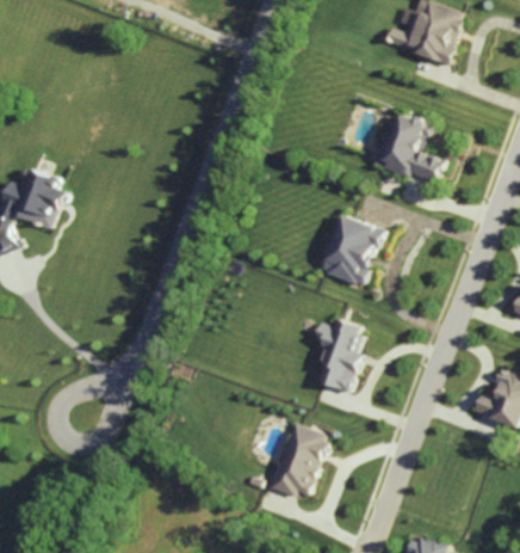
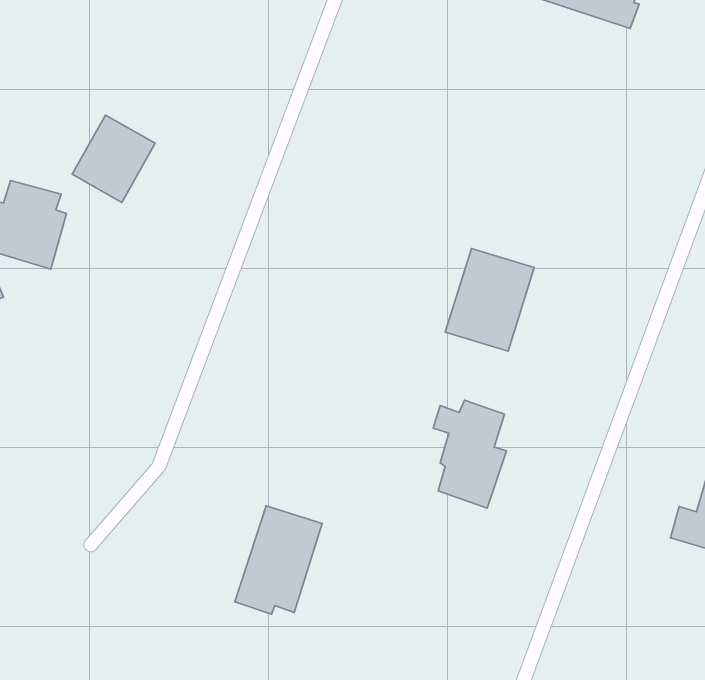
building: [379,112,445,183] -> none
building: none -> [72,115,155,202]
building: [267,423,327,497] -> [235,506,322,614]

